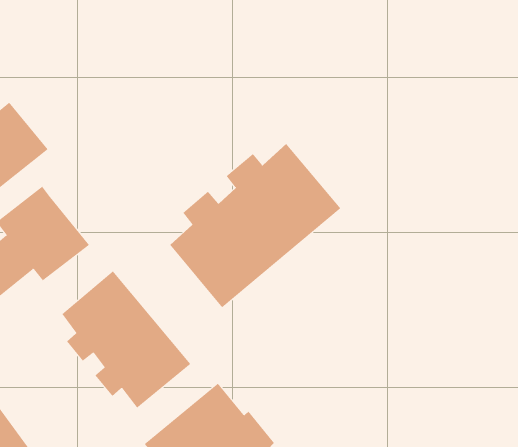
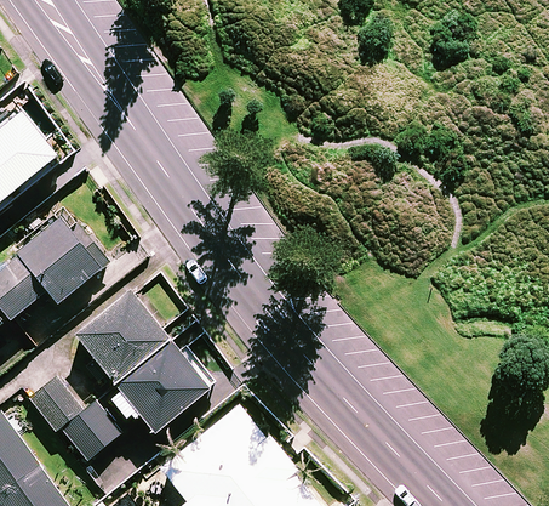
building: [170,143,341,308] -> none
building: none -> [28,377,120,461]

